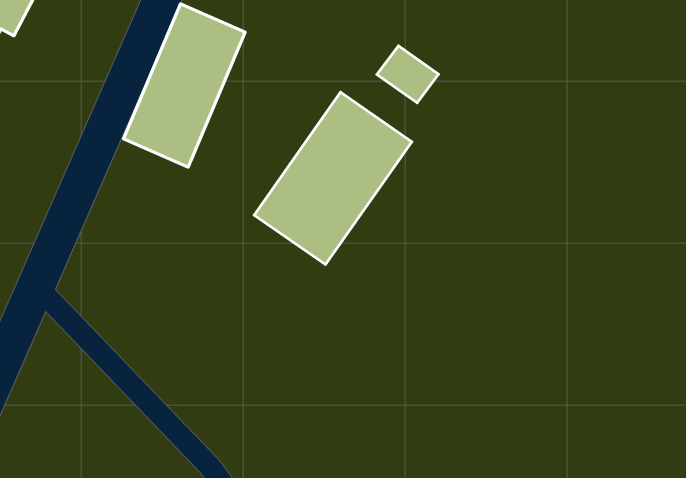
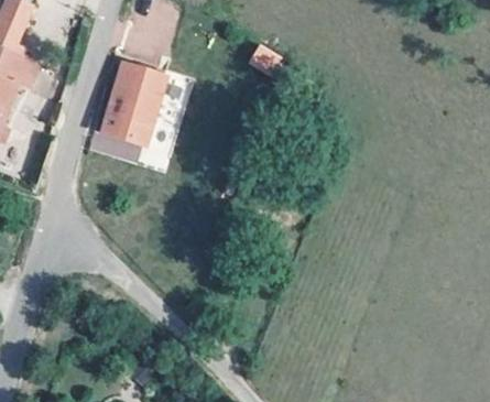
building: [254,92,412,265] -> none

